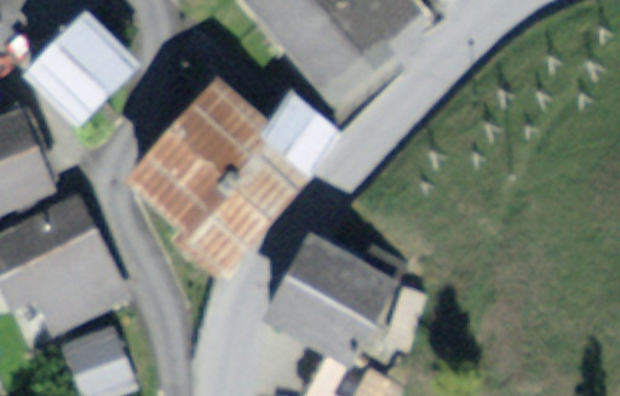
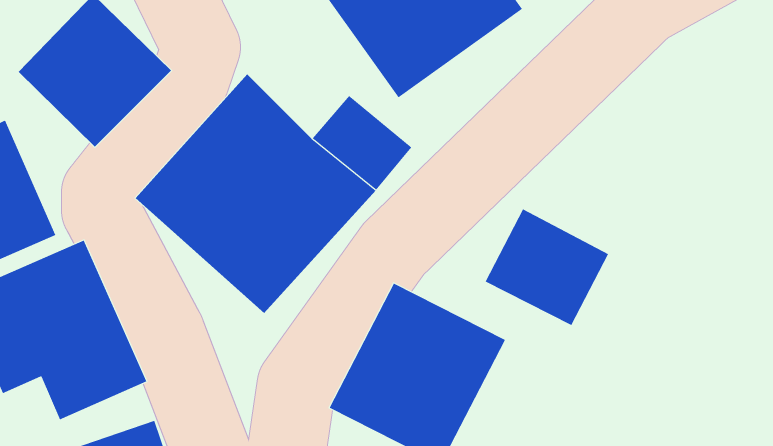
building: none -> [485,208,609,326]

